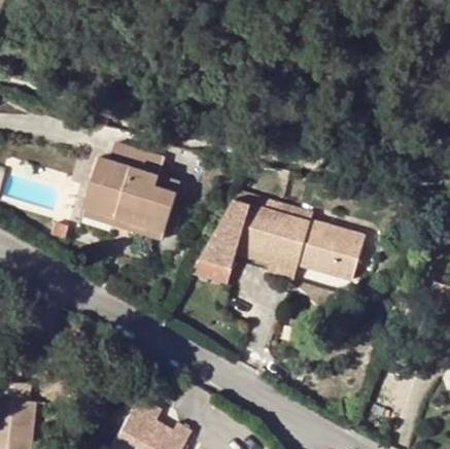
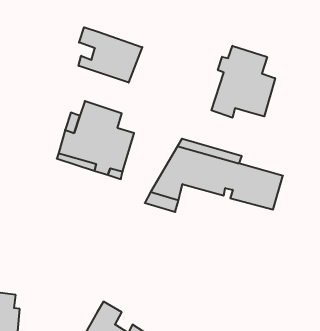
building: none -> [79,27,142,83]
building: none -> [211,46,275,118]
building: [237,248,302,280] -> none

